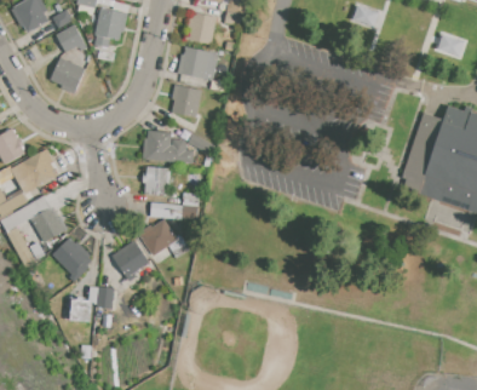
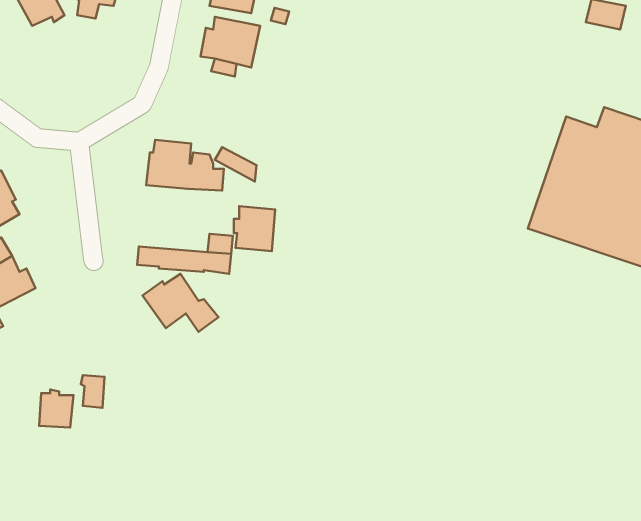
building: [51,57,86,92] -> none
building: [172,84,202,116] -> none
building: [143,165,171,195] -> [234,206,275,251]
building: [53,237,92,281] -> none
building: [113,239,150,280] -> none

